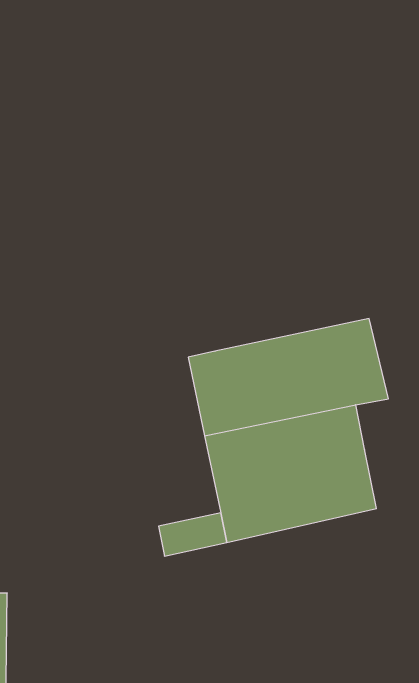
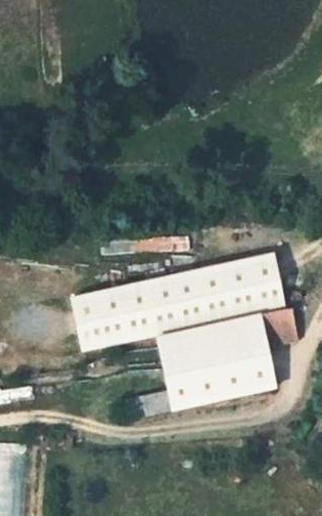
building: none -> [75,282,157,350]
building: none -> [262,308,298,345]

